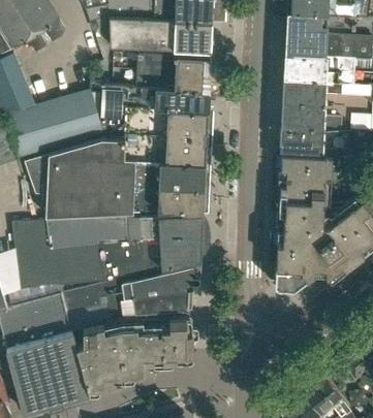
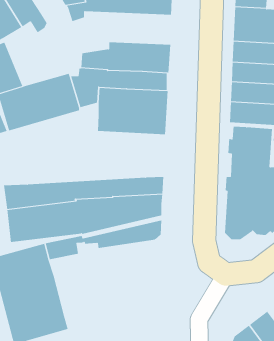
building: [95,19,214,53] -> none
building: [27,140,207,219] -> none
building: [104,290,194,316] -> none
building: [74,319,194,381] -> none

